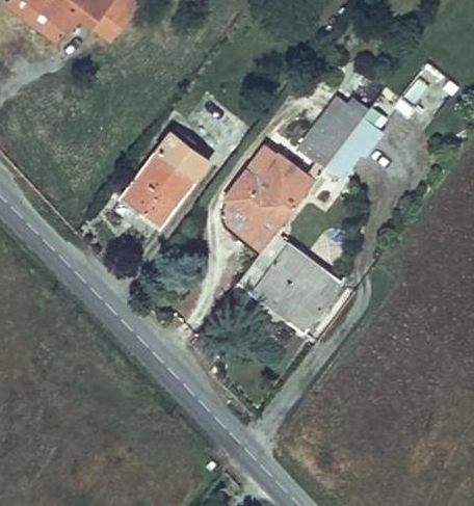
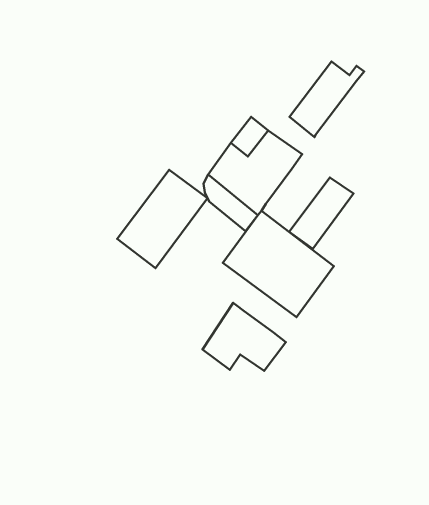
building: [324,114,384,180] -> [289,178,354,249]
building: [123,135,206,225] -> [117,170,208,268]
building: none -> [203,303,286,371]

